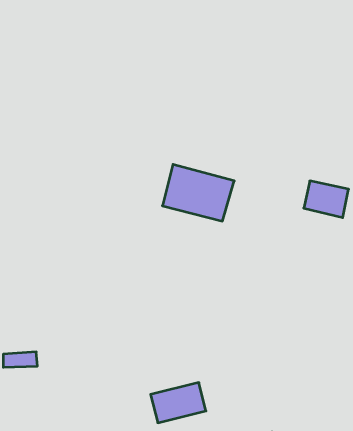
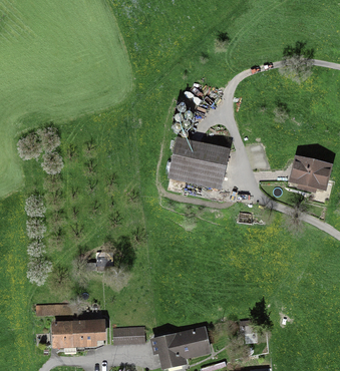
building: none -> [53,321,100,343]
building: none -> [112,327,142,342]

